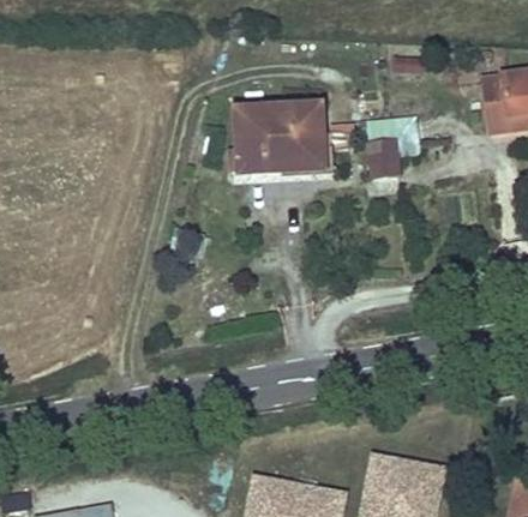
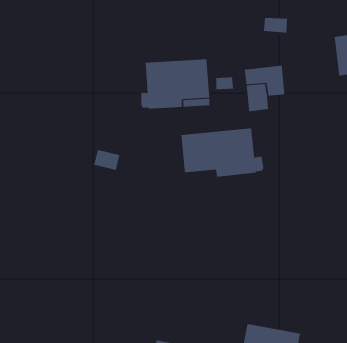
building: none -> [181,127,264,177]

